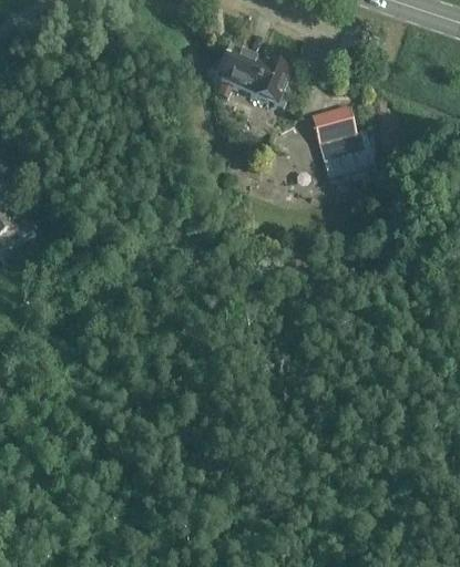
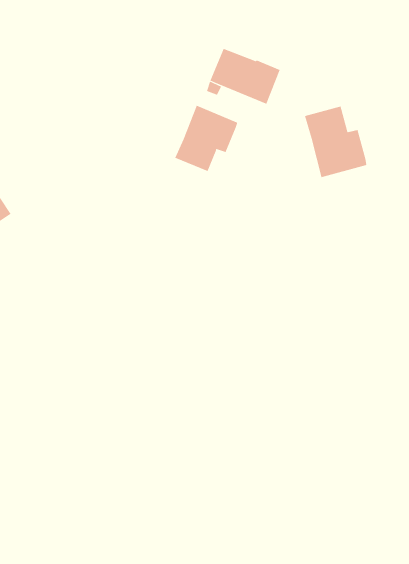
building: none -> [174,105,238,172]

